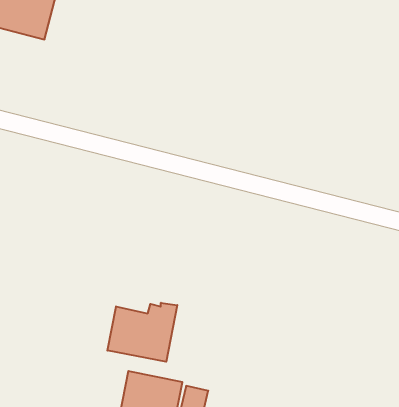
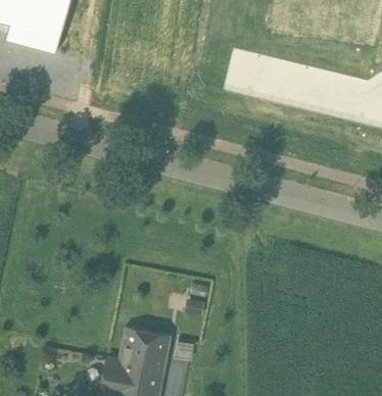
building: [107,303,177,362] -> none

